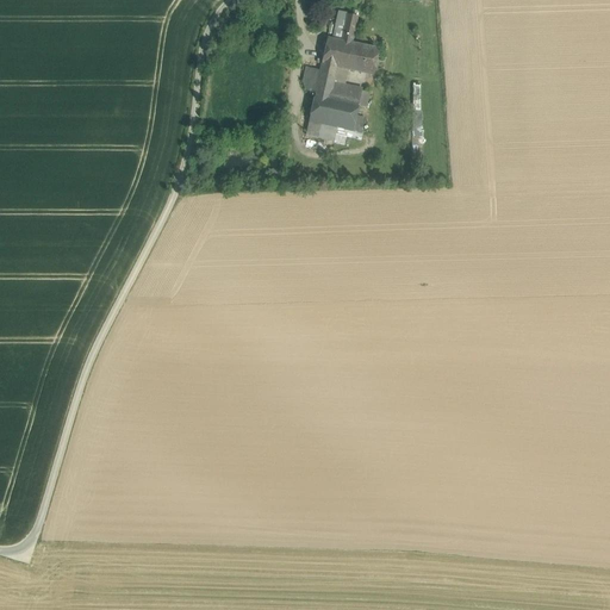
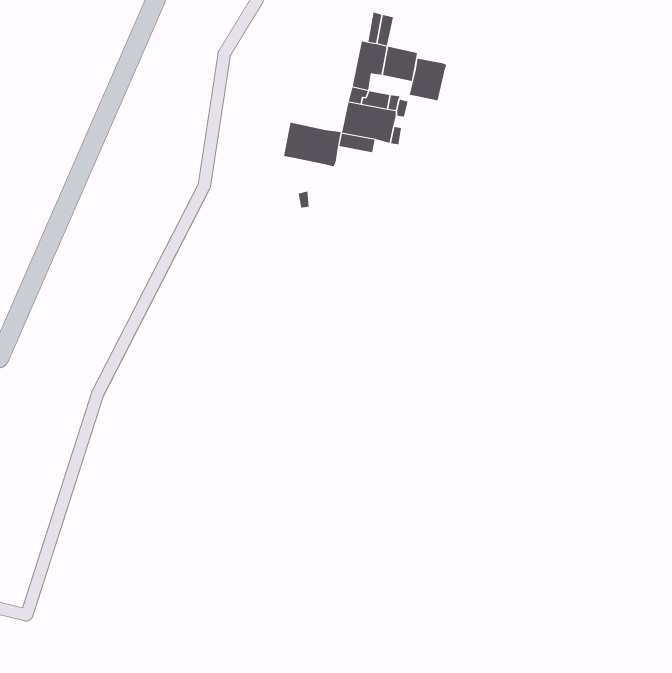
building: none -> [409,58,447,101]
building: none -> [284,122,341,167]

